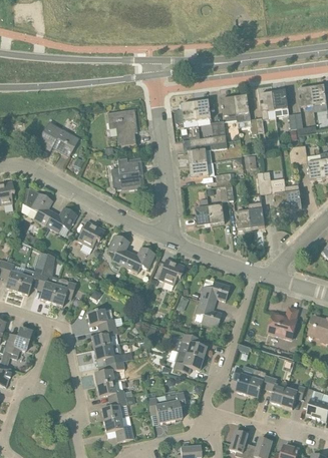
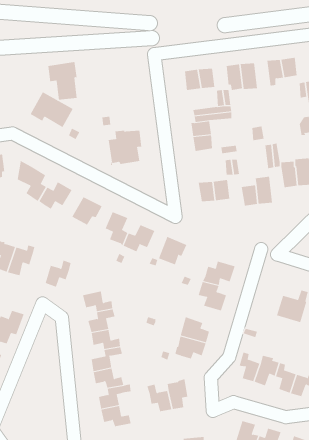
building: [107,108,135,144] -> [47,62,77,100]
building: [37,253,56,301] -> none

